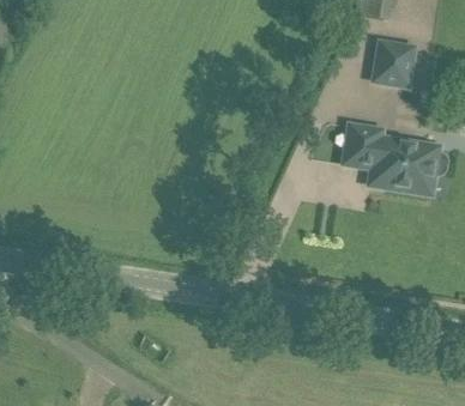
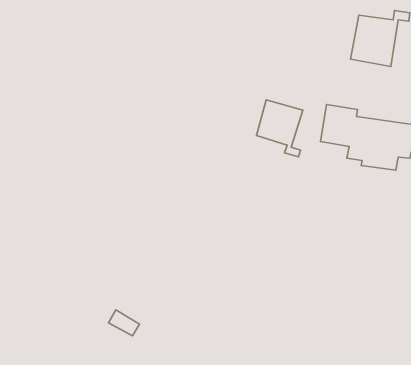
building: none -> [257,100,303,157]

